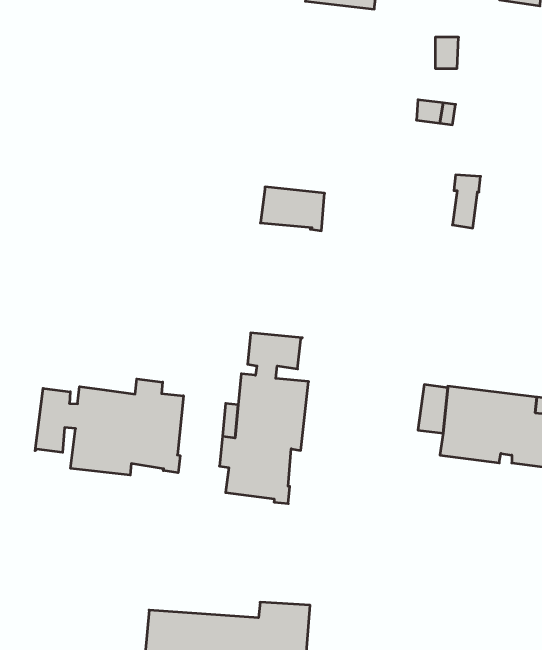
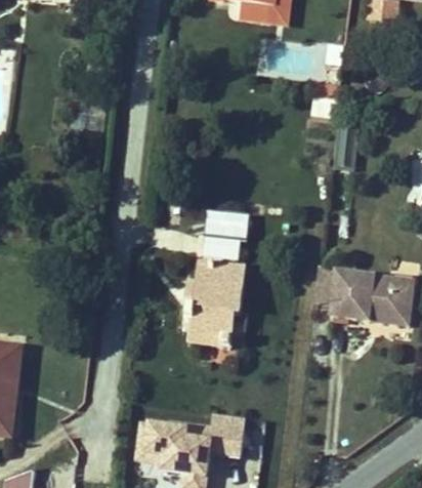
building: [260,187,325,231] -> [206,213,248,242]
building: [35,379,183,475] -> none

